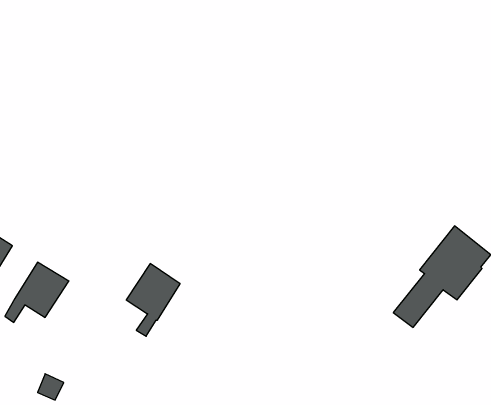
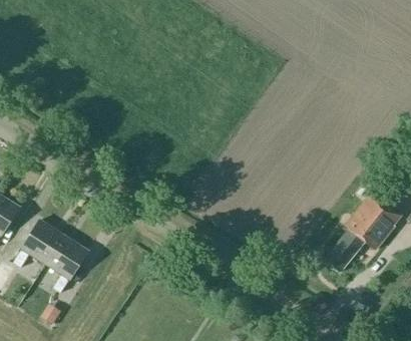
building: [126,264,180,336] -> [45,235,88,293]

